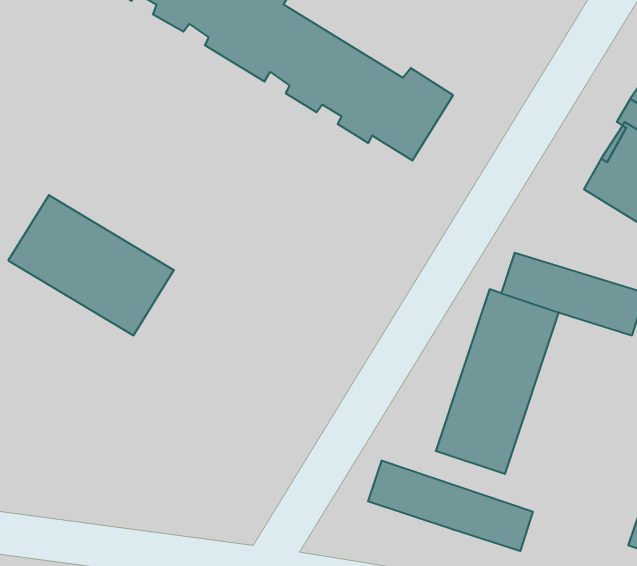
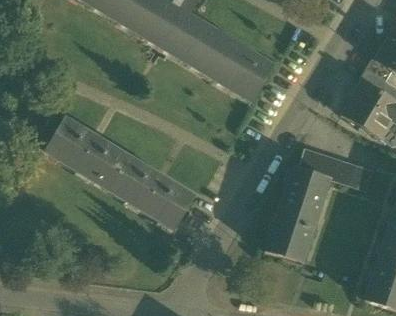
building: none -> [108,157,195,231]
building: [368,460,533,551] -> none

